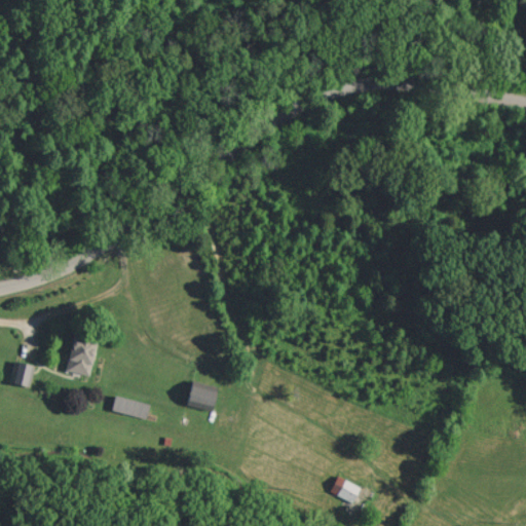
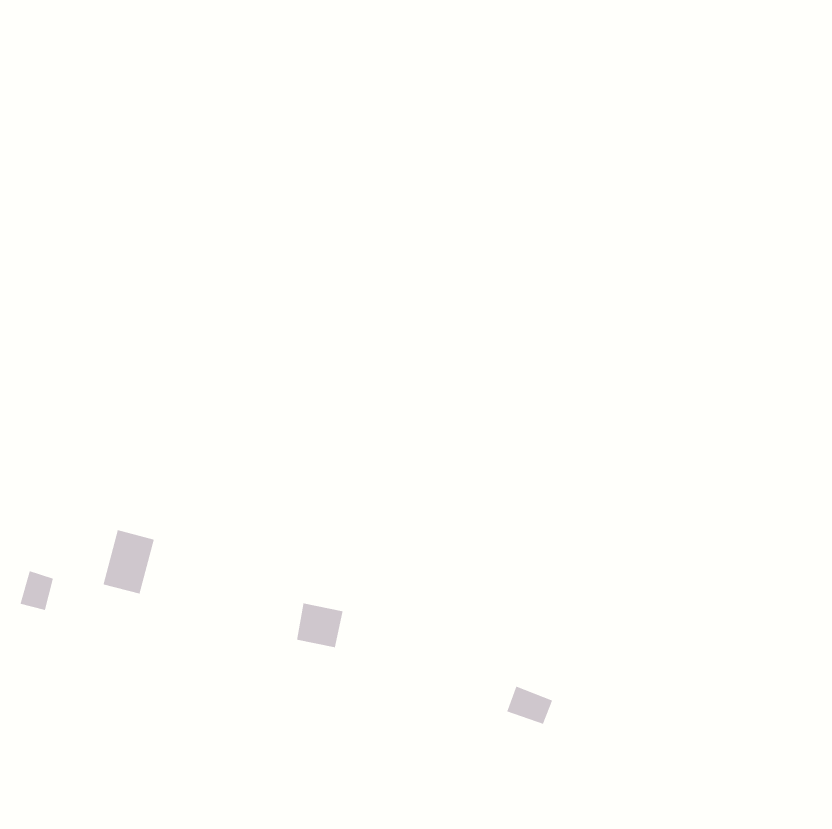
building: [111,396,150,420] -> none
building: [330,478,360,502] -> [506,686,553,725]

